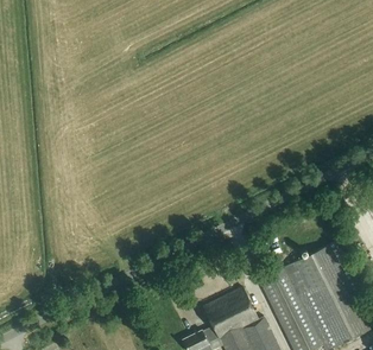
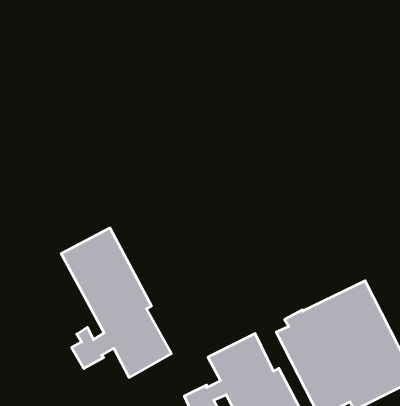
building: none -> [61,228,171,377]

